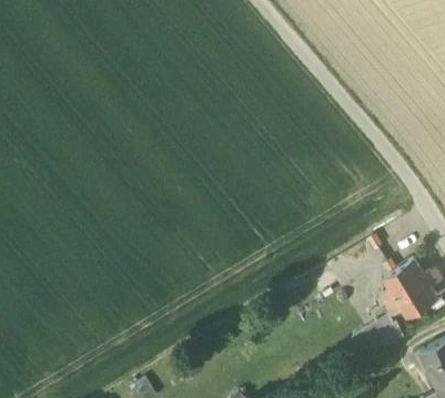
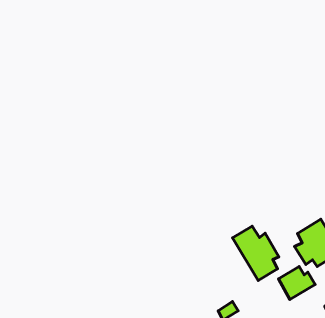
building: none -> [232,226,279,281]

